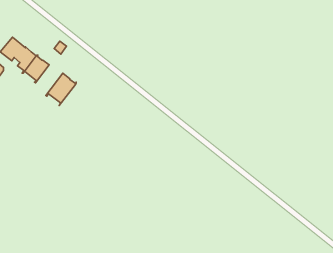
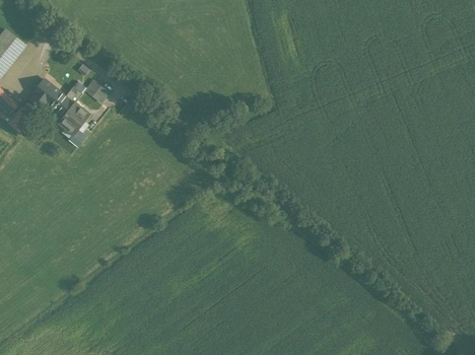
building: [46,73,76,105] -> none

